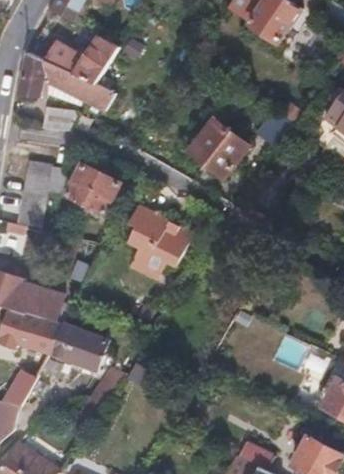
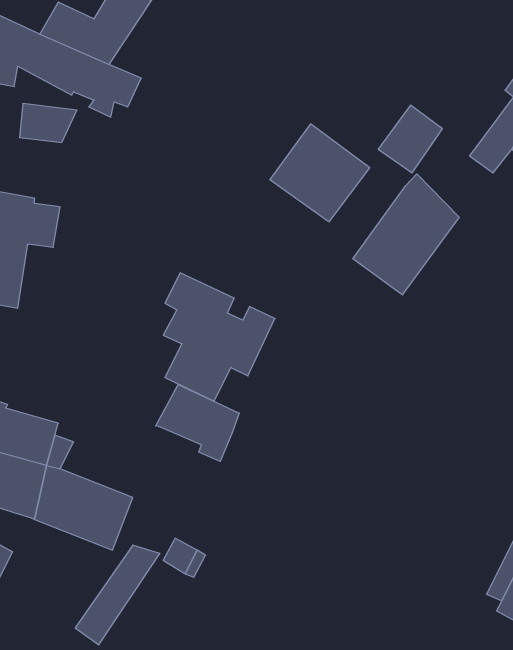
building: none -> [353,174,459,295]
building: [67,165,119,213] -> none
building: none -> [156,384,239,461]

